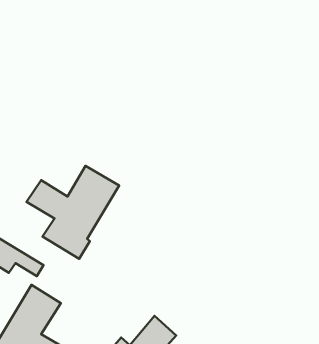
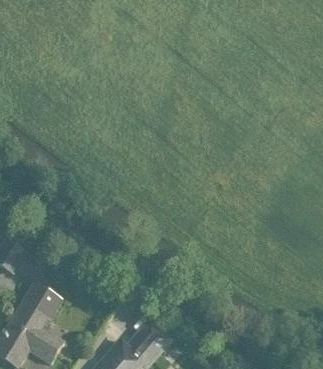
building: [26,166,119,259] -> none

